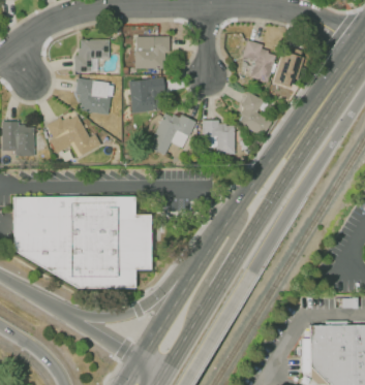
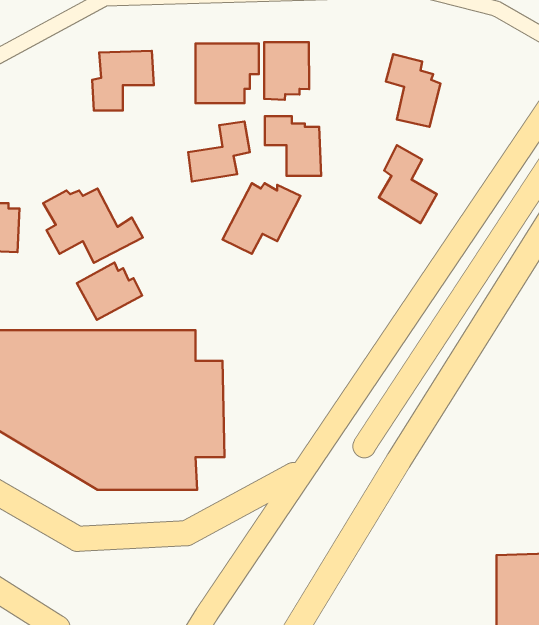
building: none -> [264,42,309,100]
building: [274,52,302,87] -> none
building: [77,77,114,113] -> none
building: [204,120,236,154] -> [265,116,321,176]
building: none -> [77,263,142,320]

